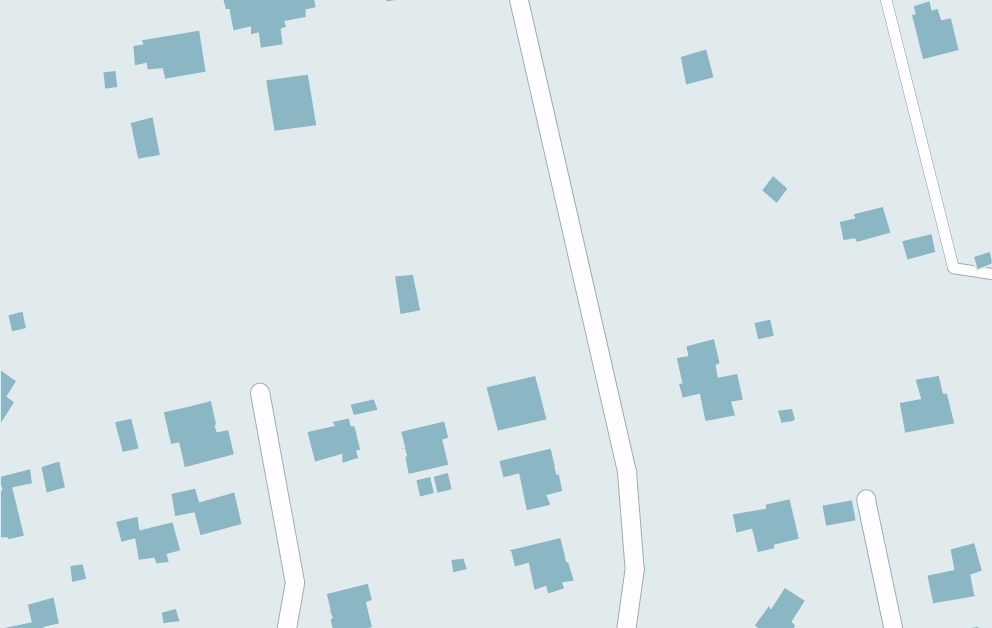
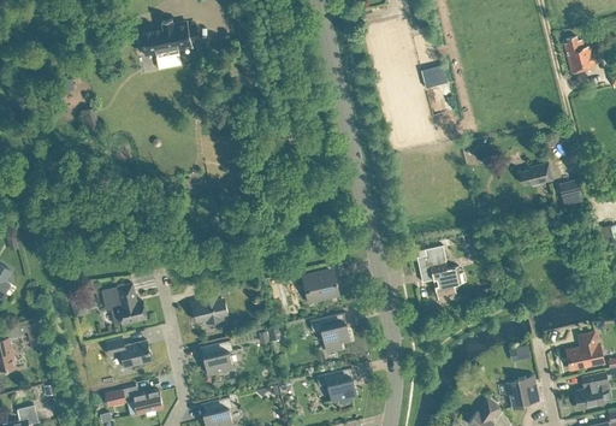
building: [132,30,206,80] -> none
building: [265,74,317,132] -> none
building: [899,375,955,434] -> [568,333,603,369]
building: [397,421,449,475] -> [200,341,232,374]
building: [732,498,800,553] -> [497,375,539,409]
building: [115,516,181,564] -> [122,386,162,416]

